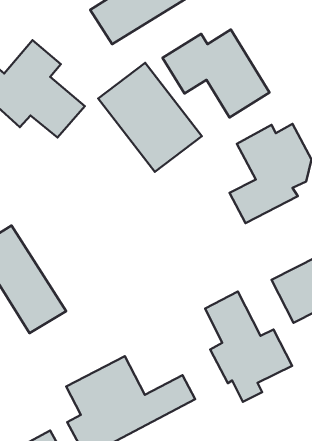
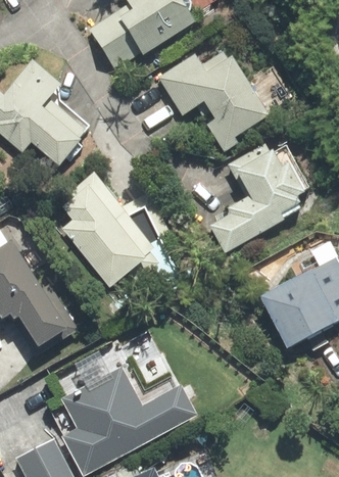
building: [98,63,202,172] -> [50,176,151,282]
building: [205,292,292,402] -> none

